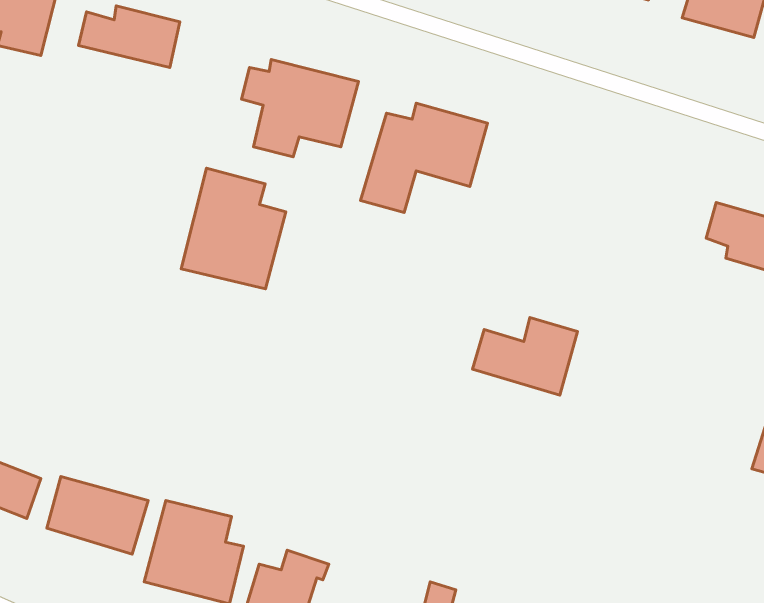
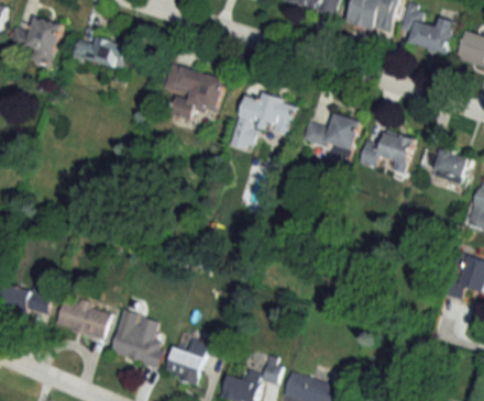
building: [181,168,286,289] -> none
building: none -> [359,130,413,166]
building: [472,318,578,395] -> [301,113,360,156]

